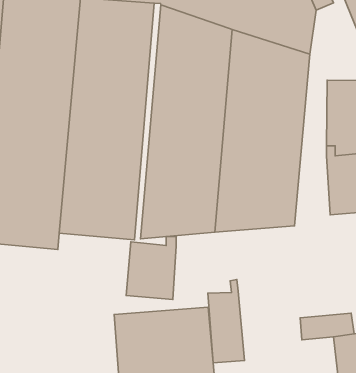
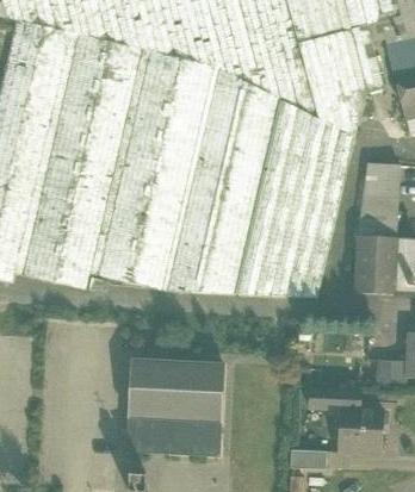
building: [126,237,176,300] -> none
building: [208,279,244,363] -> none

